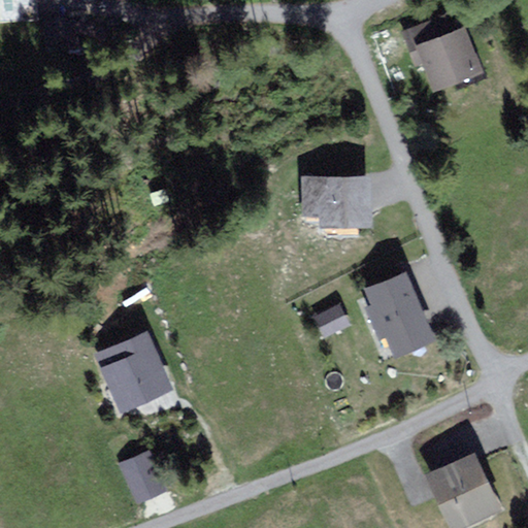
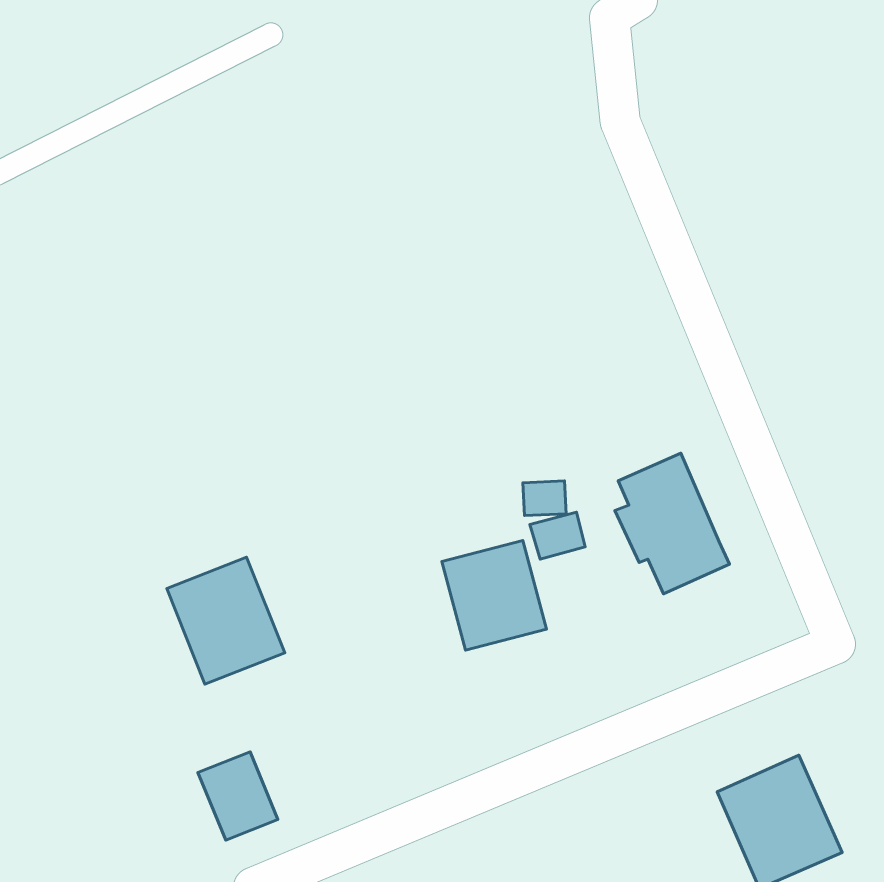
building: [402,22,481,93] -> none
building: [305,176,366,227] -> none
building: none -> [442,540,546,650]

